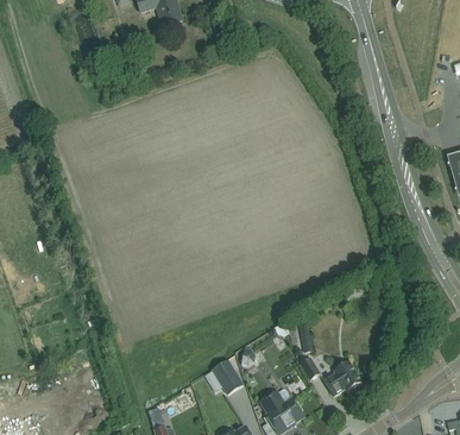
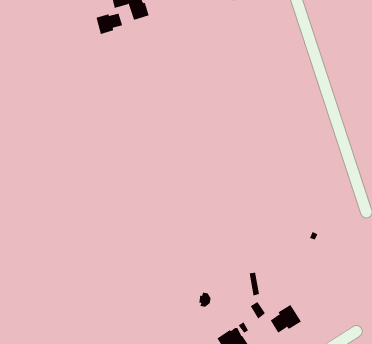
building: none -> [96,13,123,35]
building: [204,360,244,393] -> none

